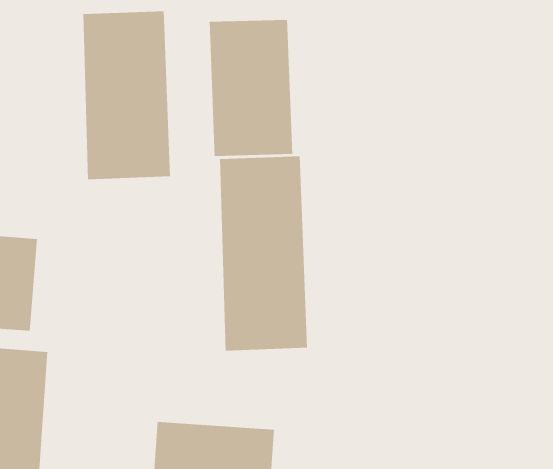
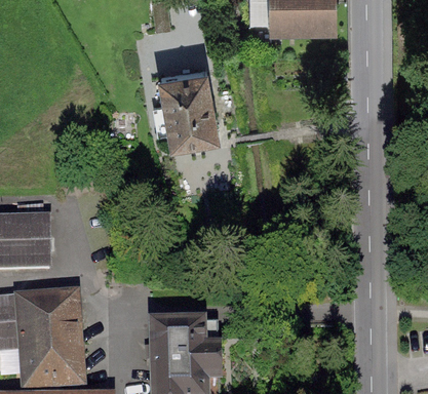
building: [83,10,171,180] -> none
building: [219,155,308,351] -> none

